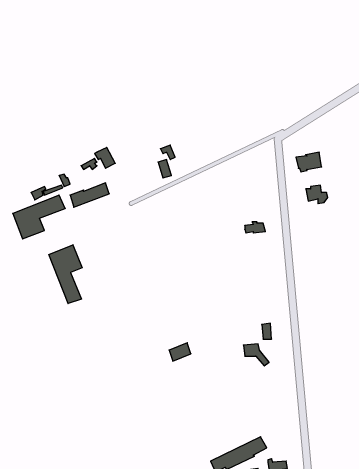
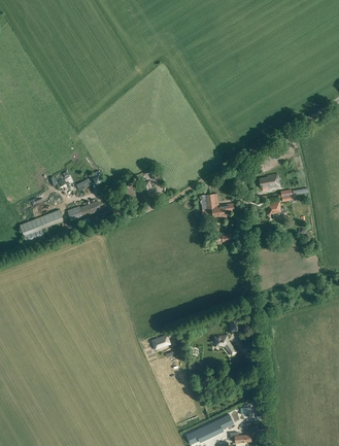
building: none -> [201,194,234,222]
building: [49,245,82,304] -> none

